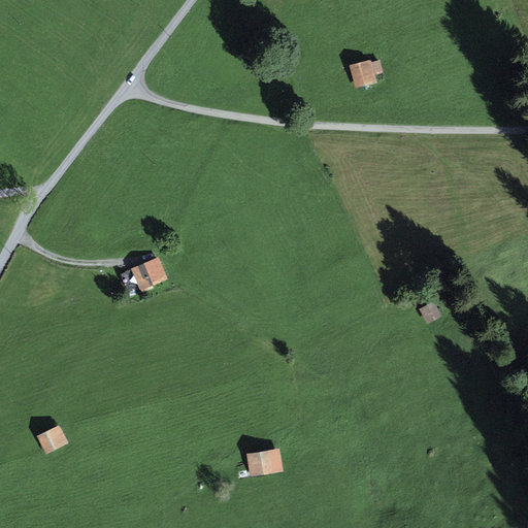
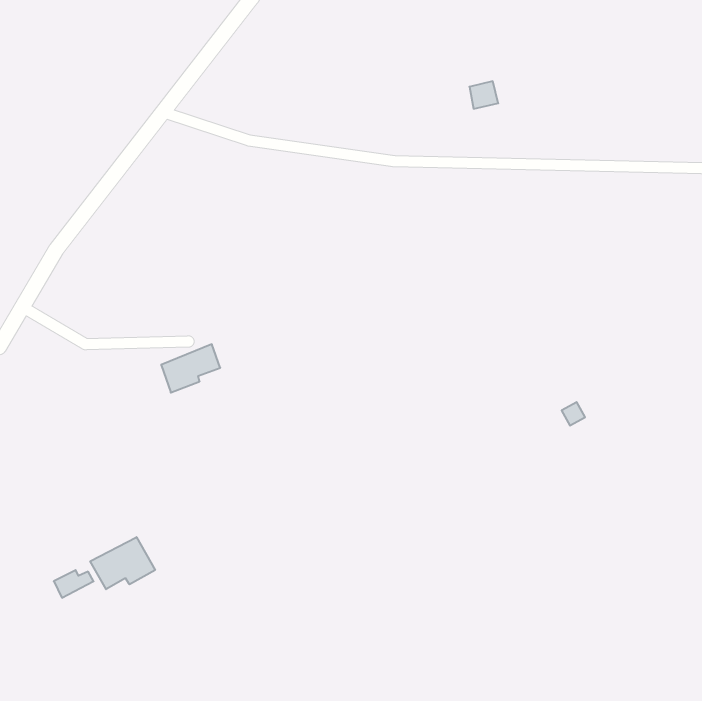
building: none -> [90,537,155,589]
building: [248,450,280,474] -> none

